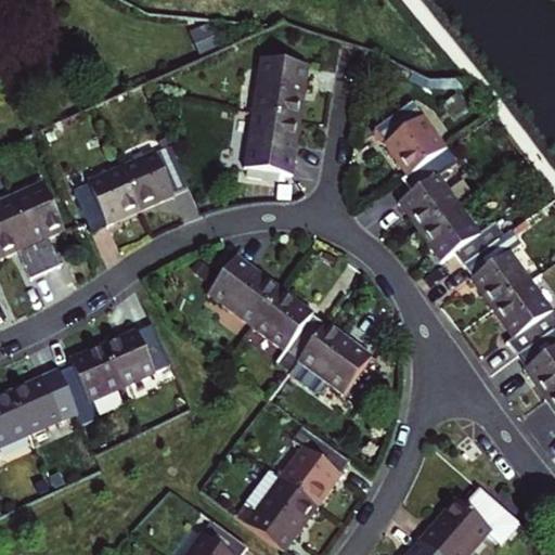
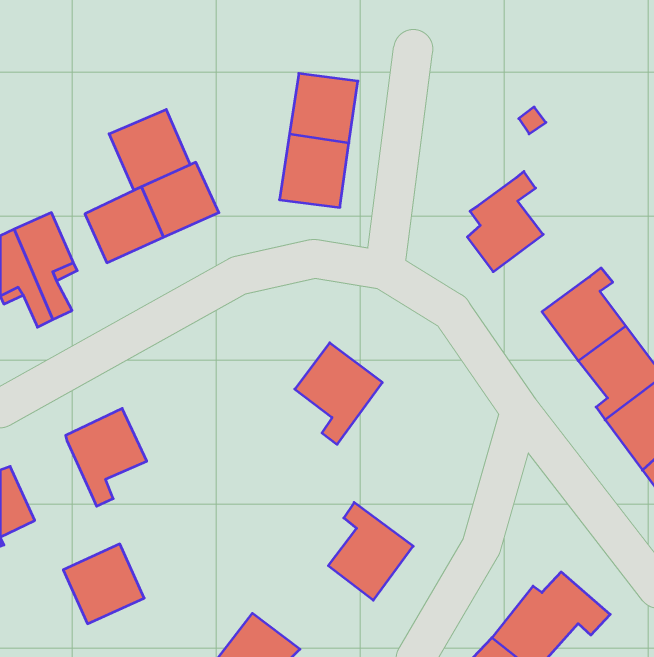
building: none -> [109,109,190,190]
building: [371,100,444,175] -> none
building: [418,198,500,263] -> none
building: [208,258,281,328] -> none
building: [106,323,176,389] -> none
building: [287,323,369,396] -> none
building: [12,372,80,439] -> [63,544,144,624]
building: [236,469,318,550] -> none

